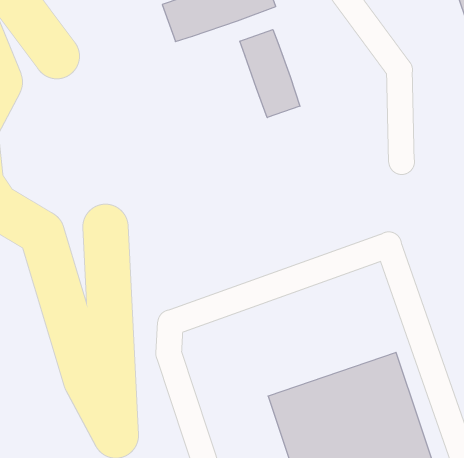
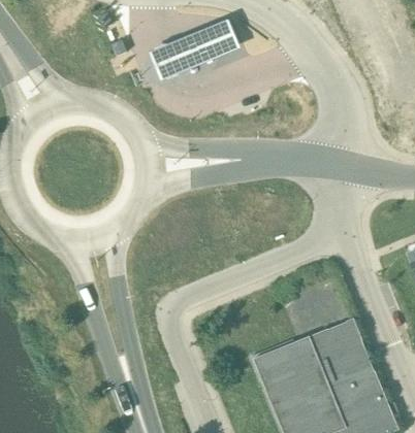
building: [240,30,300,118] -> none

